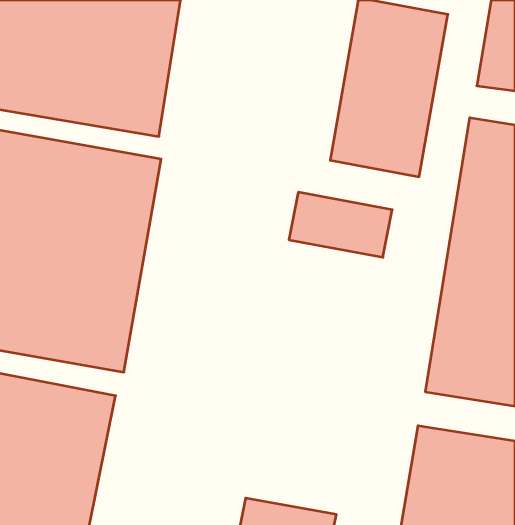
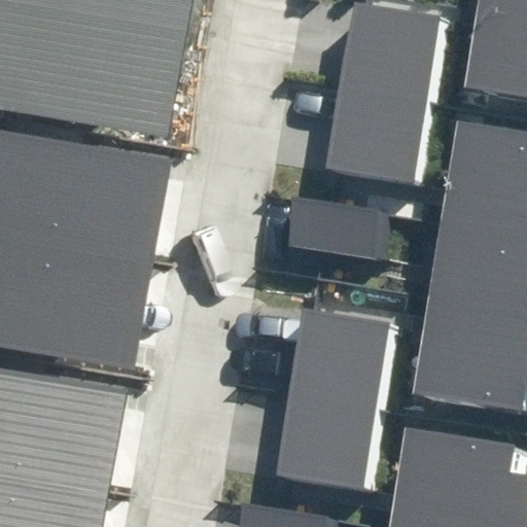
building: none -> [277,308,392,484]

